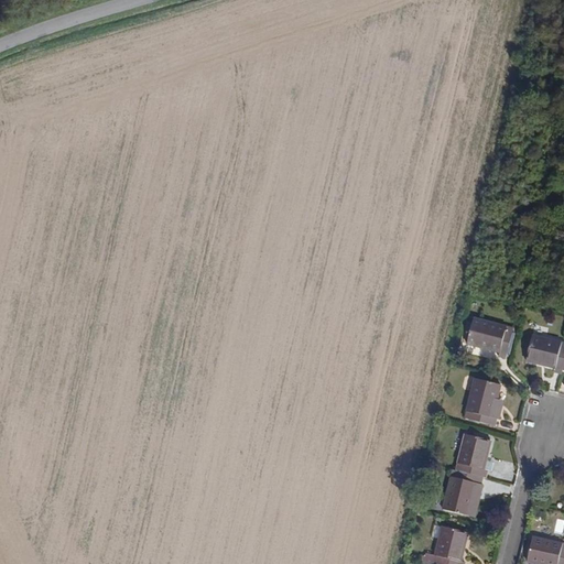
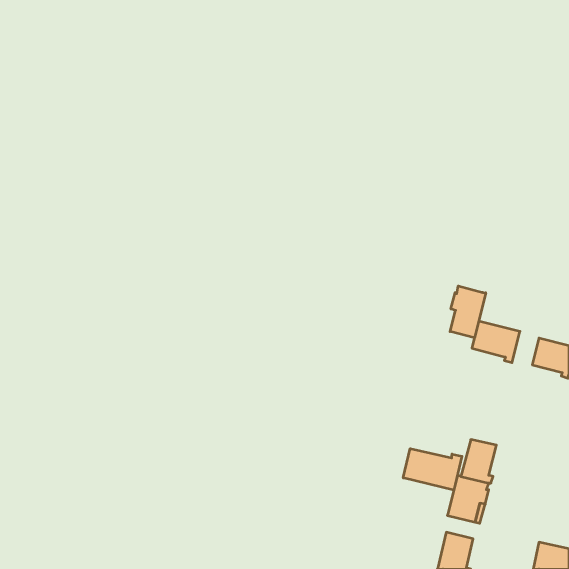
building: none -> [450,286,486,338]
building: [464,378,500,425] -> none
building: none -> [403,449,462,490]

